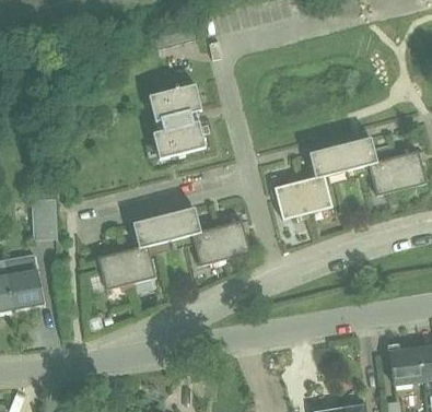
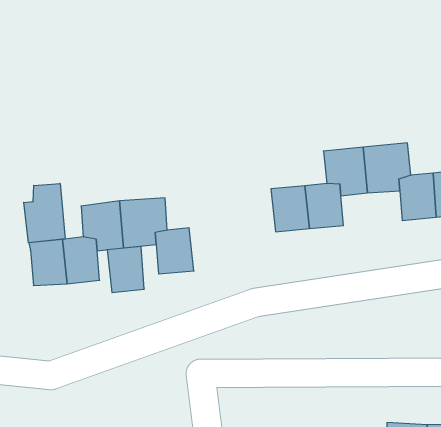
building: [147,84,205,158] -> none
building: none -> [24,183,65,243]
building: [215,221,248,259] -> [107,246,144,293]

